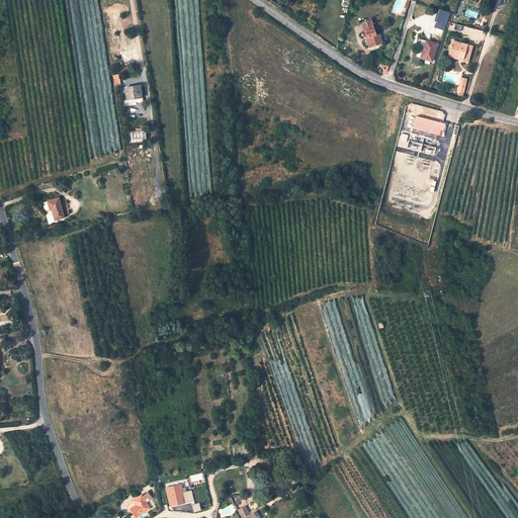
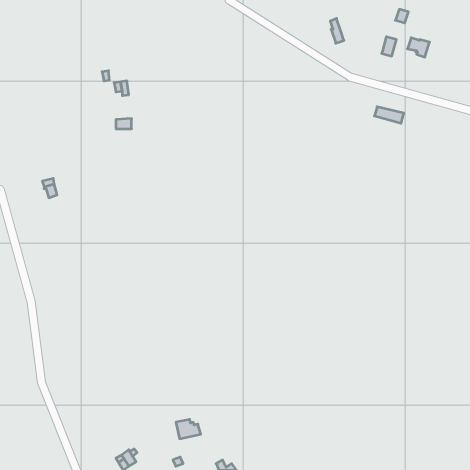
building: [166,485,193,506] -> [176,419,201,439]

